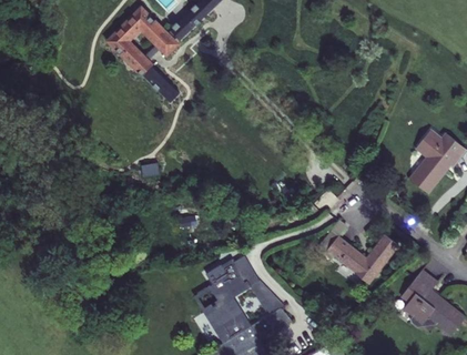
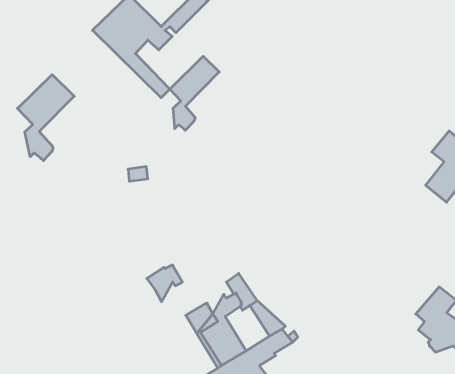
building: none -> [170,56,219,130]
building: none -> [17,75,74,161]
building: [316,222,398,284] -> none
building: [205,262,237,295] -> [147,265,182,302]

